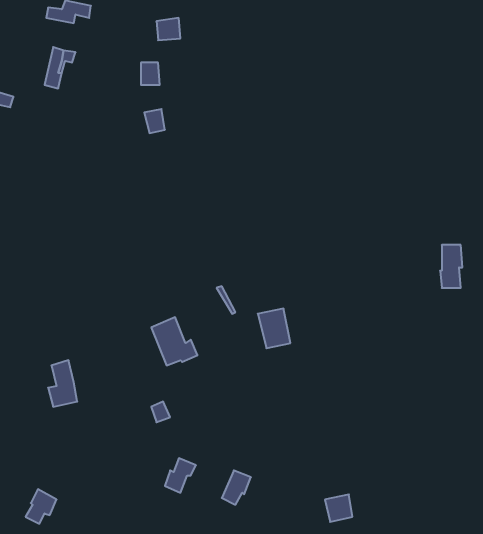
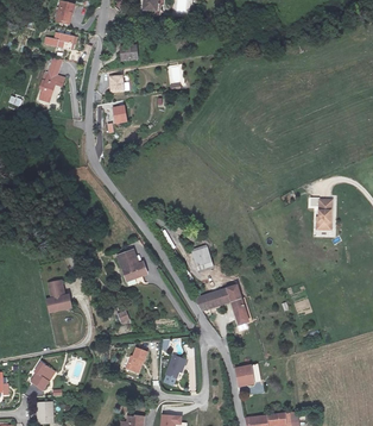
building: none -> [196,282,248,321]

